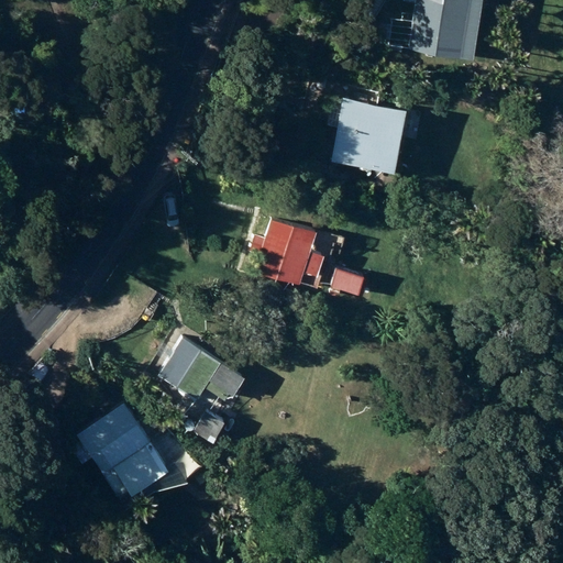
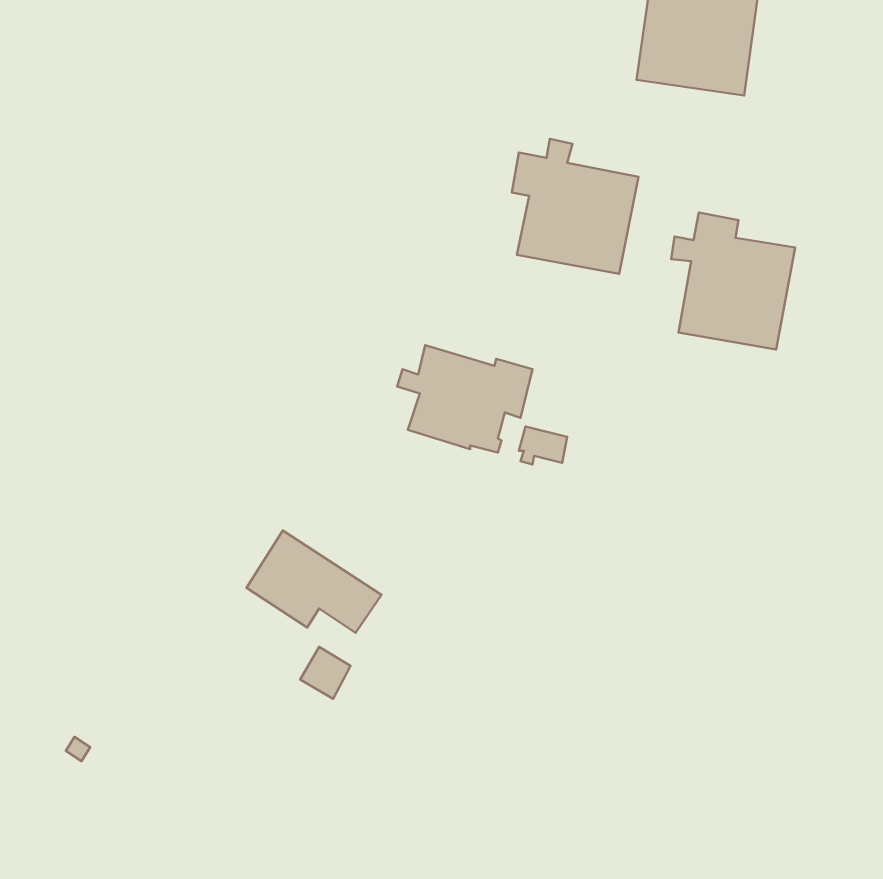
building: none -> [671,212,795,350]
building: [77,402,170,498] -> none

